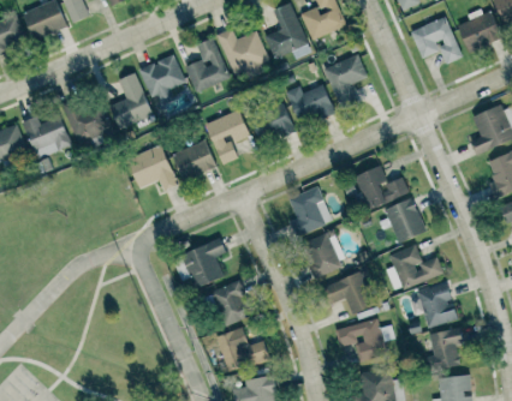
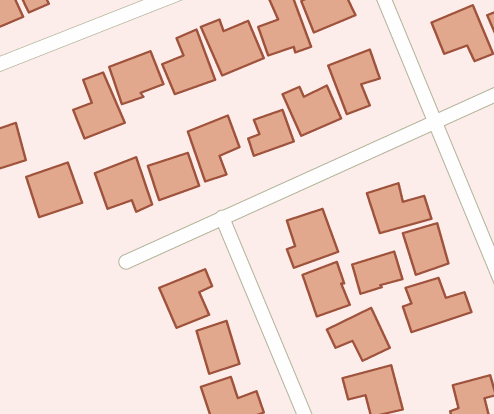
building: [65,97,112,143] -> [26,163,82,217]
building: none -> [352,252,403,294]
building: [417,282,457,328] -> none

